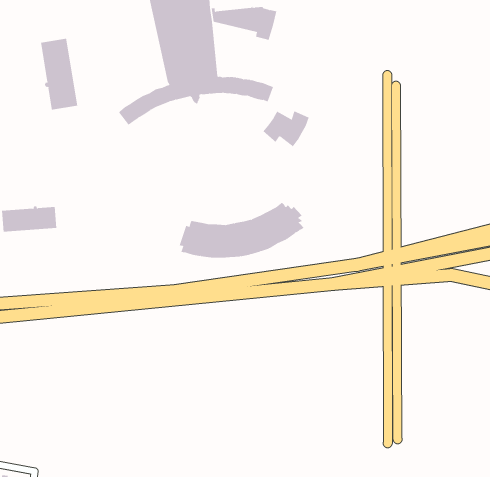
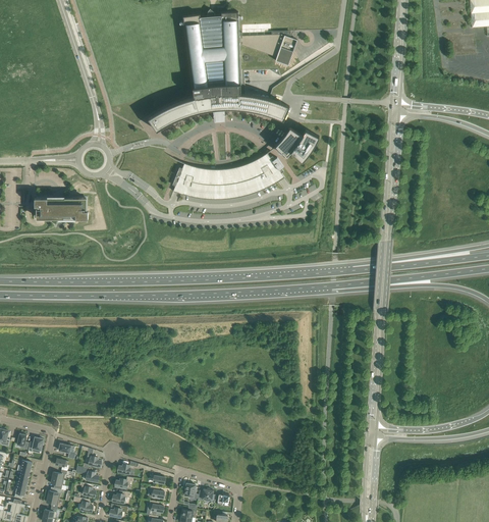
building: [40,38,78,110] -> none
building: [179,202,304,258] -> [171,154,284,200]

